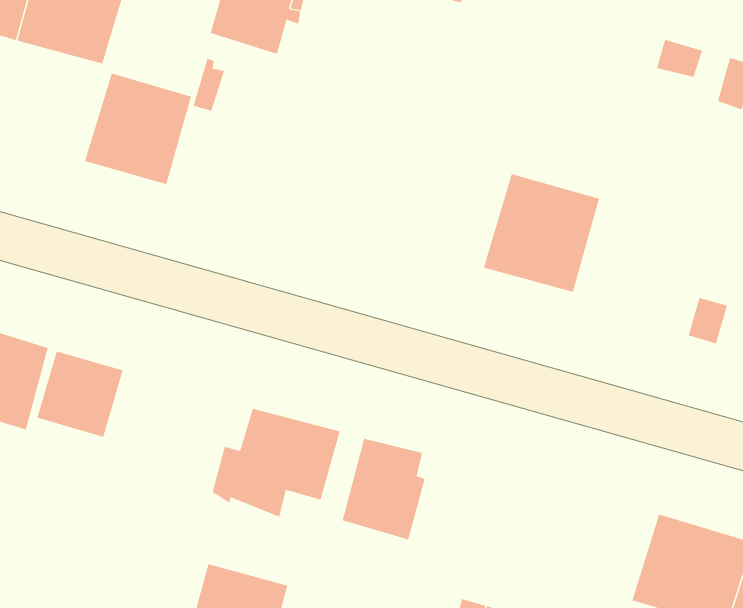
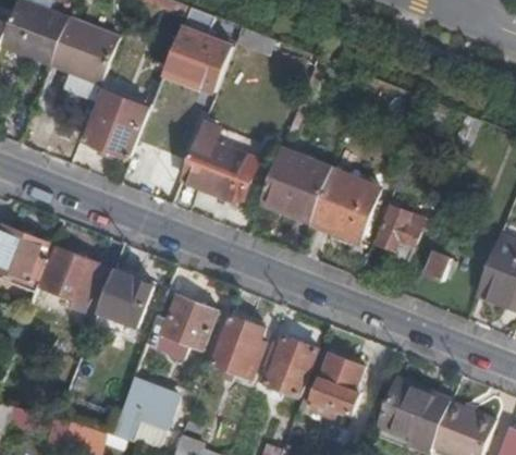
building: none -> [182,122,258,201]
building: none -> [259,149,331,218]
building: none -> [376,205,425,267]
building: none -> [98,270,152,327]
building: none -> [259,335,316,395]
building: none -> [312,354,363,413]

